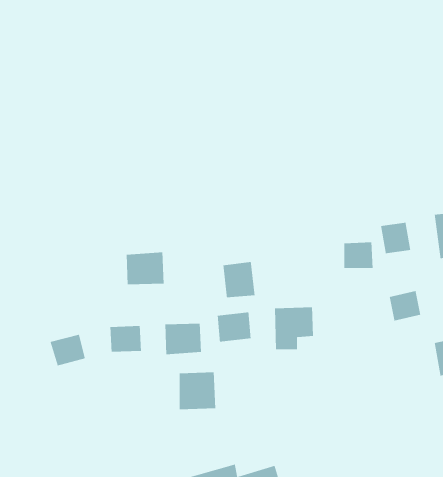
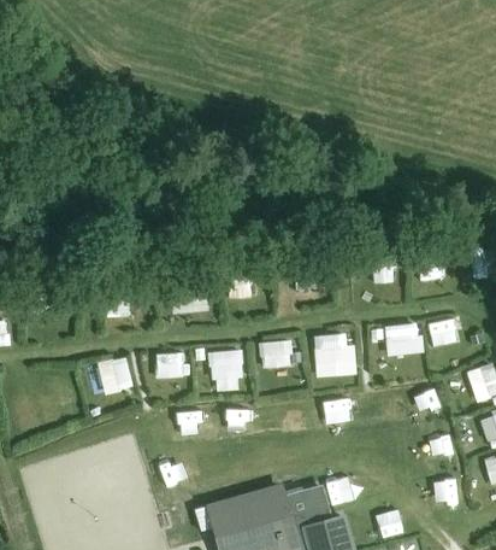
building: [344,241,373,269] -> [389,326,418,352]
building: [222,261,256,298] -> none
building: [179,372,216,410] -> none

